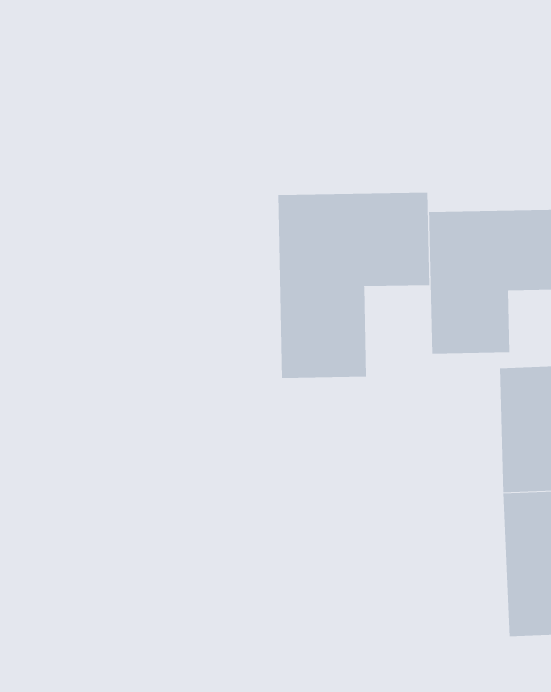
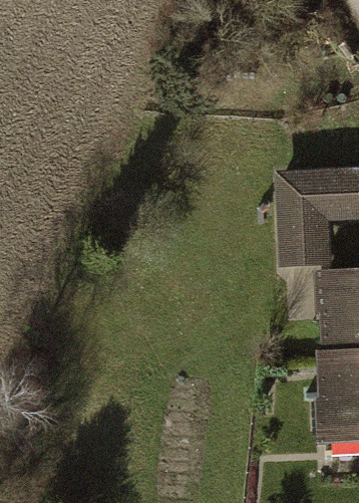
building: [278,192,430,379] -> none

